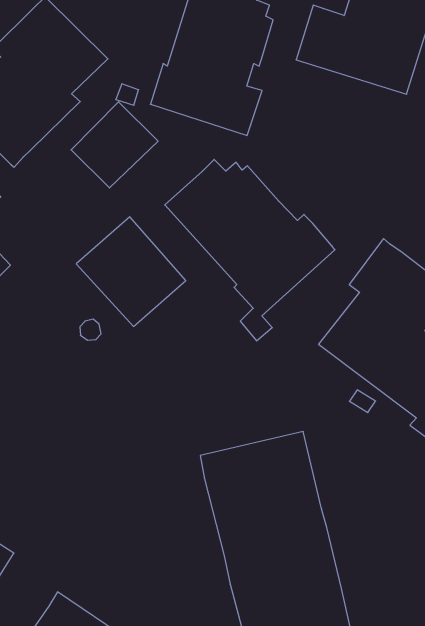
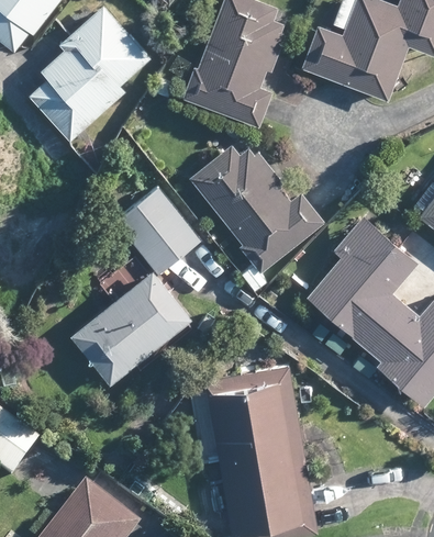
building: [71,102,158,188] -> none
building: none -> [69,270,190,384]

